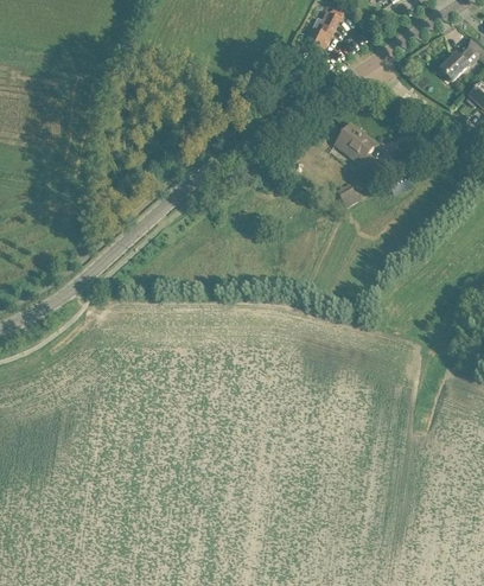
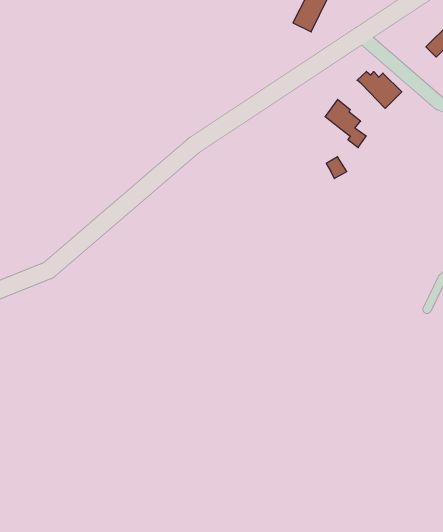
building: none -> [357,71,402,108]

